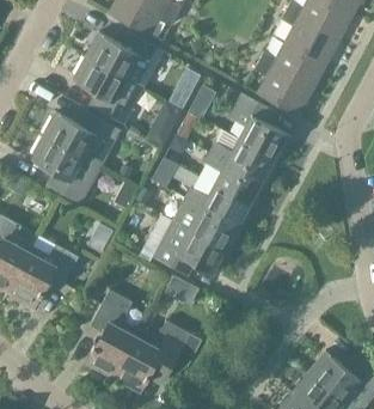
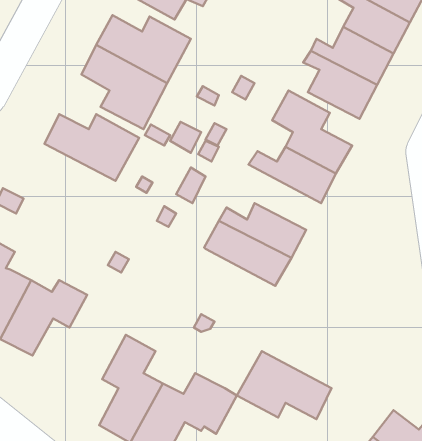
building: [30,136,100,203] -> none
building: [203,153,266,206] -> none
building: [153,221,229,276] -> [237,351,331,419]

